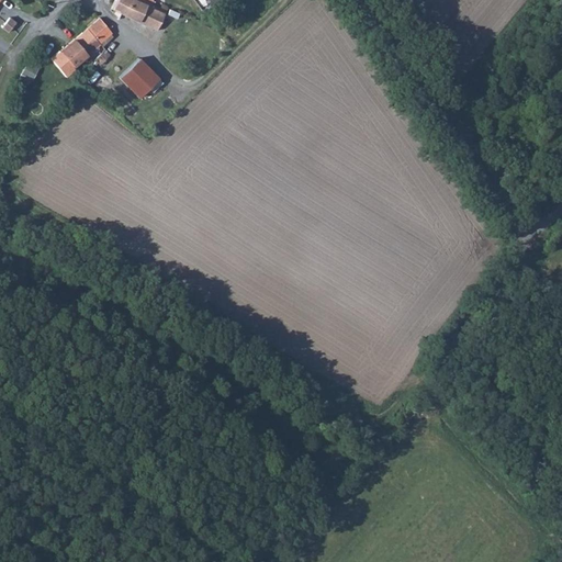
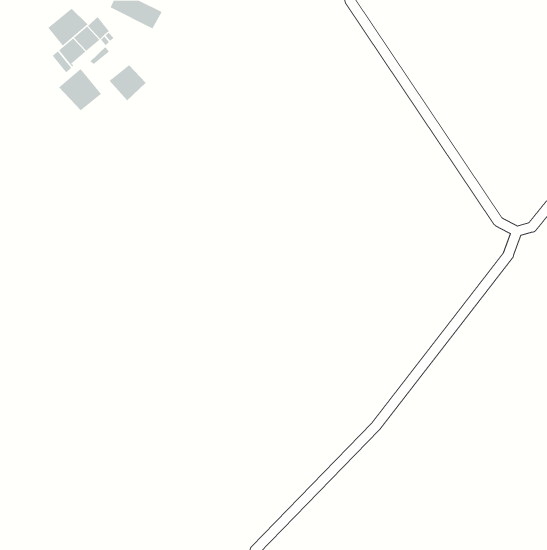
building: none -> [48,8,89,47]
building: none -> [58,68,102,111]

